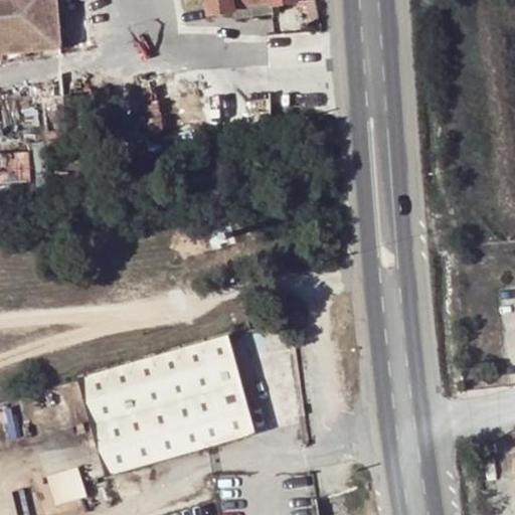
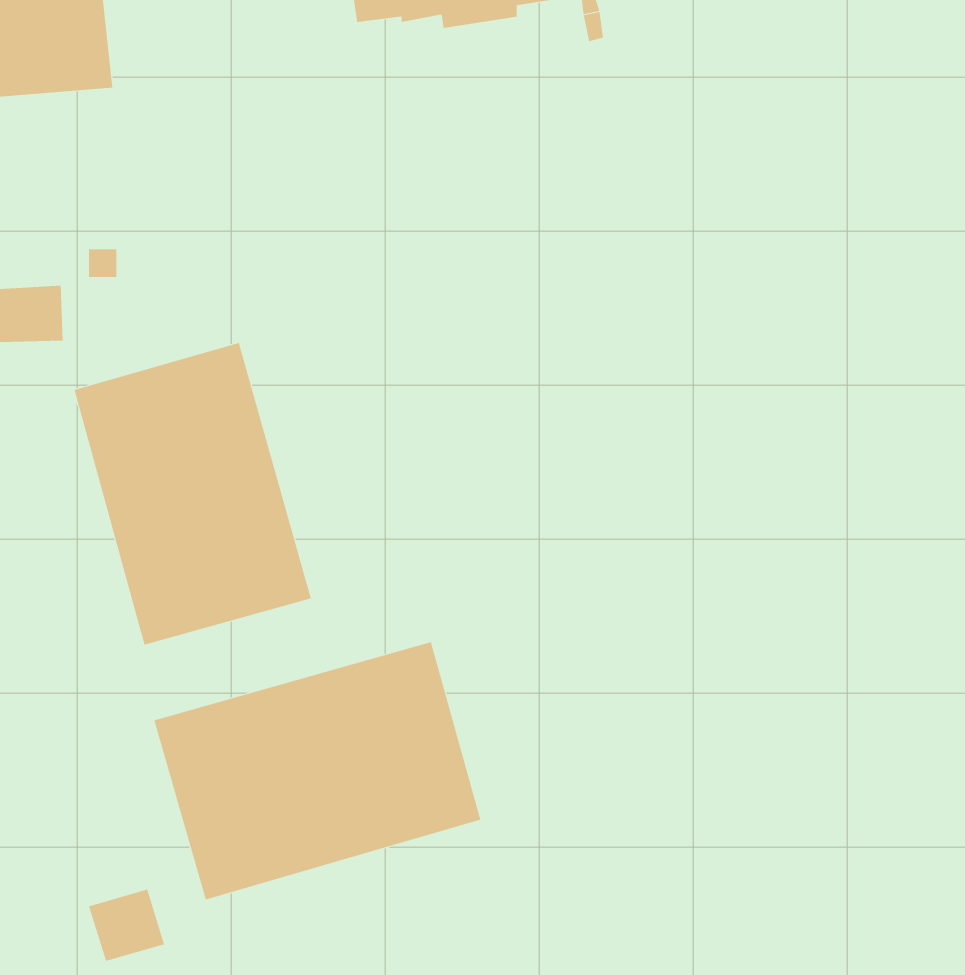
building: none -> [74,342,312,645]

